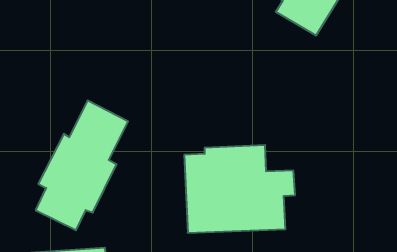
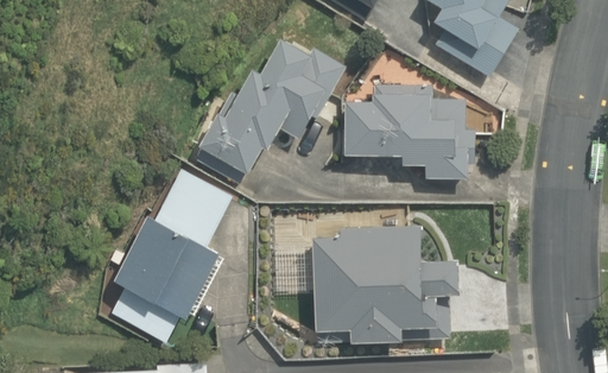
building: none -> [194,40,344,188]
building: none -> [346,87,474,178]

